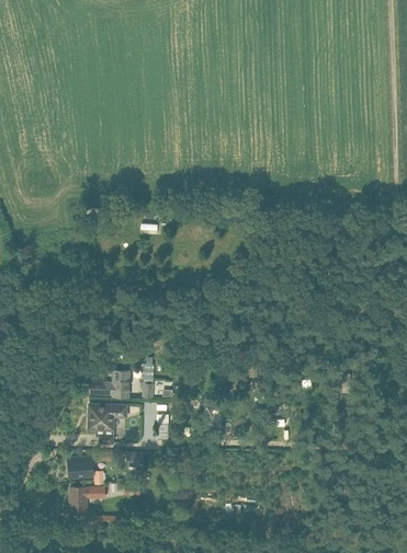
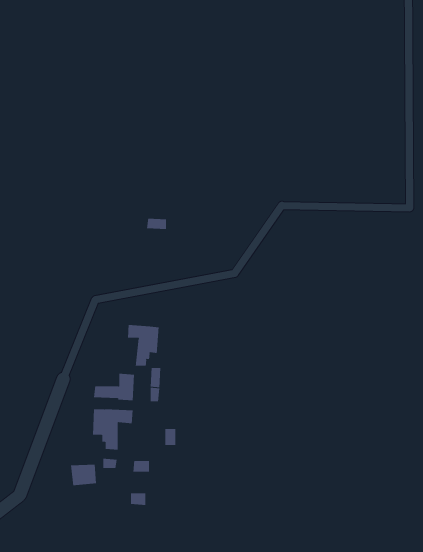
building: none -> [128,324,159,367]
building: [71,486,104,514] -> none

